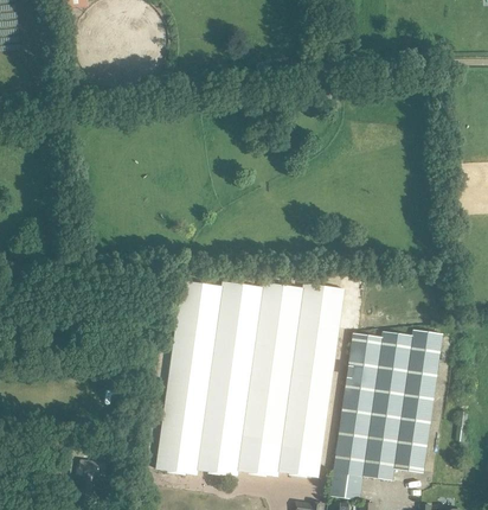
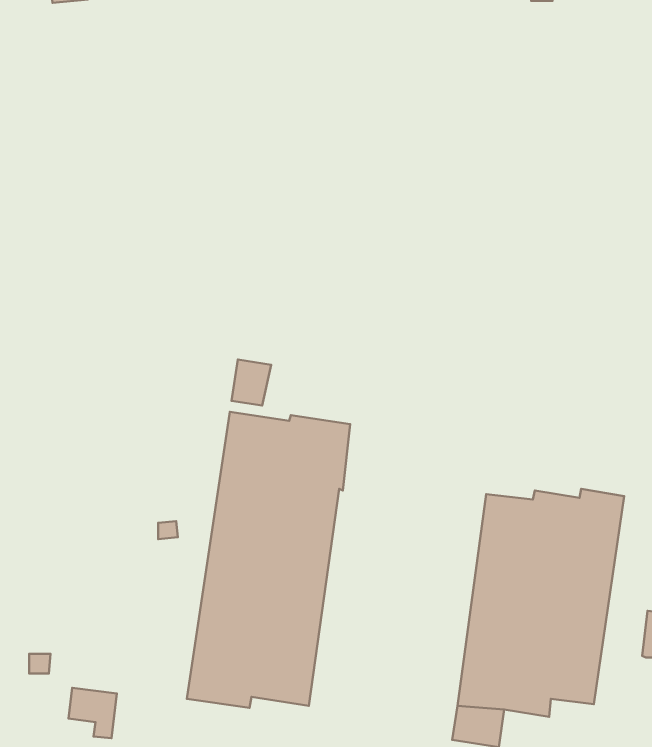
building: none -> [232,359,271,405]
building: [236,285,345,474] -> none

